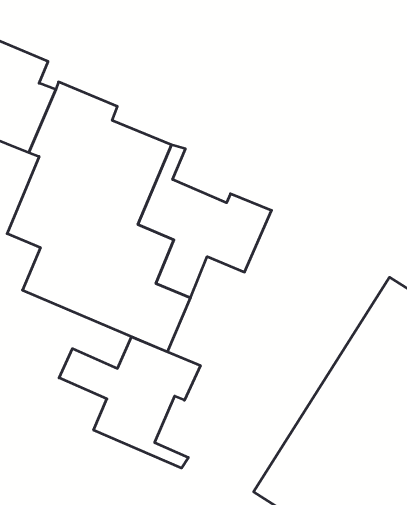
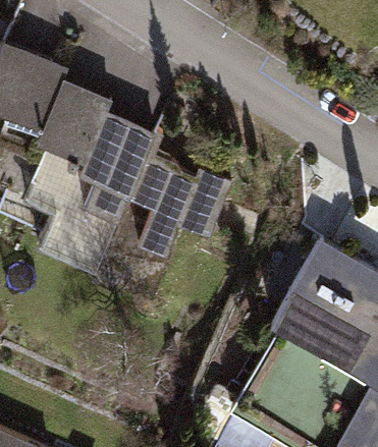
building: [59,337,200,468] -> none

